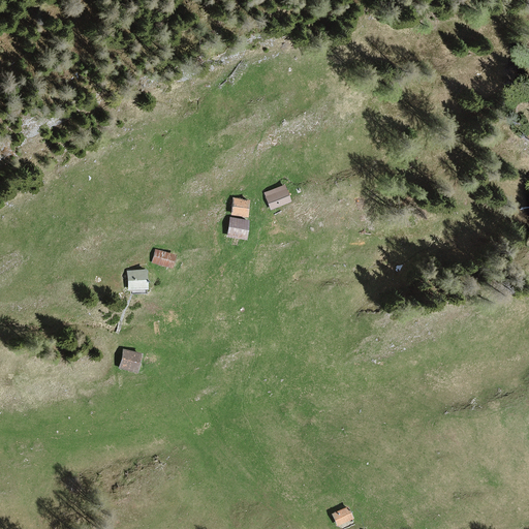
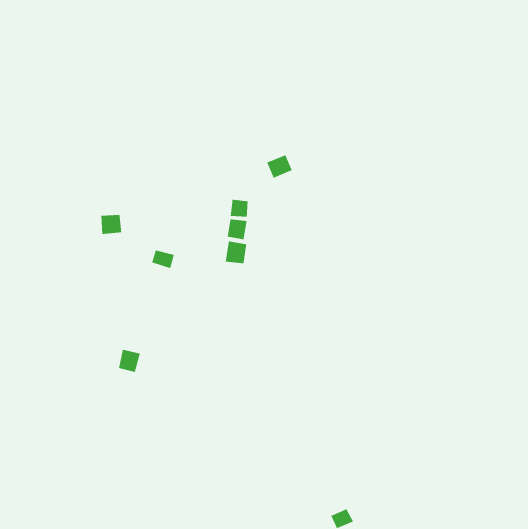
building: [264,185,291,210] -> [266,154,293,179]
building: none -> [225,241,247,264]
building: [127,270,149,290] -> [101,214,122,235]

